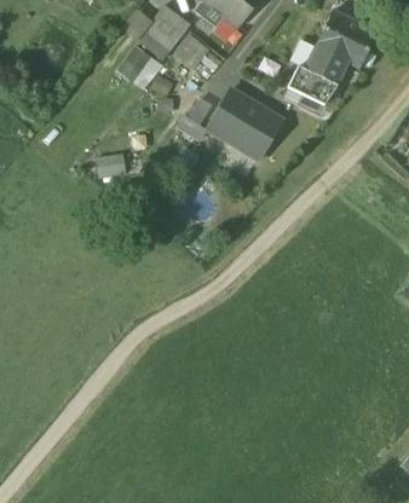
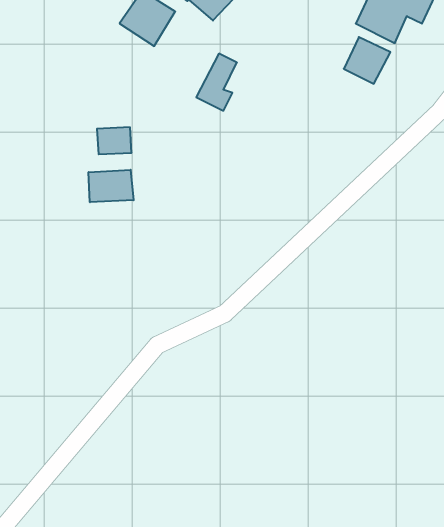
building: [206,89,281,160] -> none
building: none -> [89,170,134,202]

